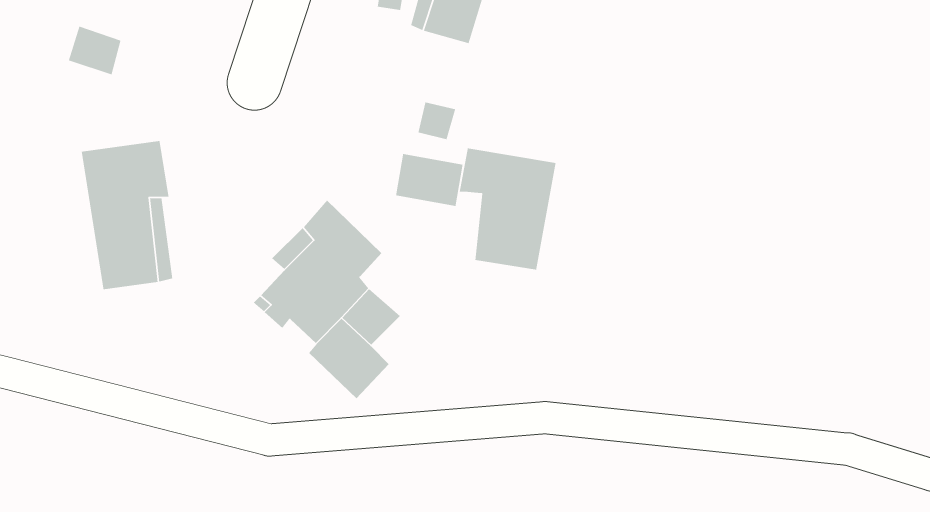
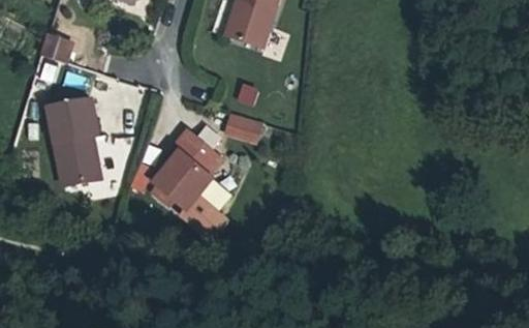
building: [459,147,557,271] -> none

